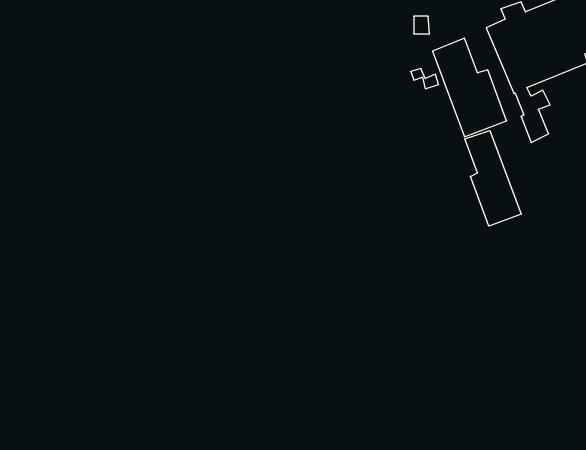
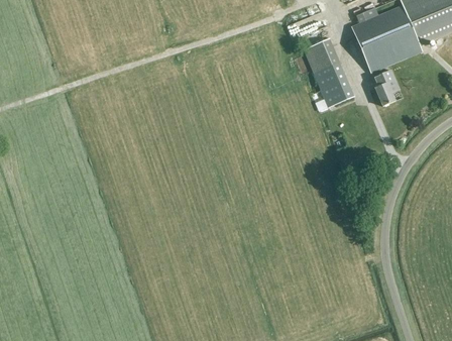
building: [465,131,521,226] -> none

